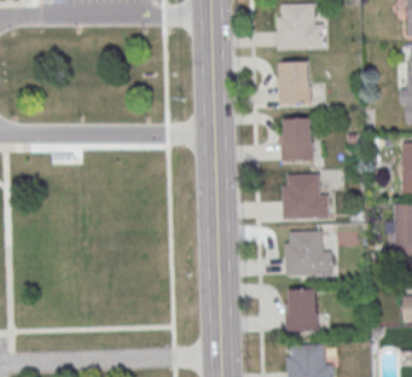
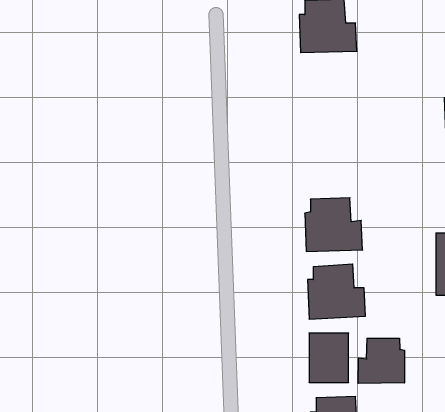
building: [277,60,311,104] -> none
building: [279,117,312,160] -> none
building: none -> [358,338,404,383]

